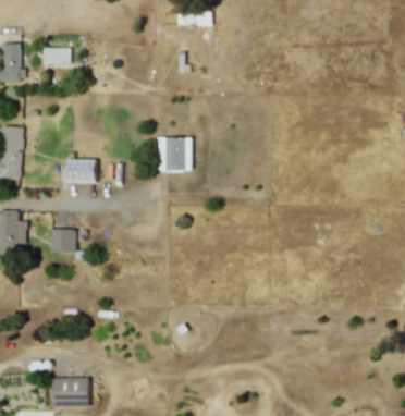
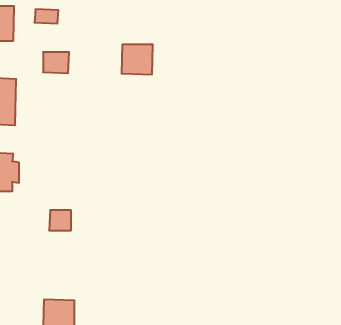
building: [156,137,192,171] -> [121,45,153,74]
building: [66,159,96,183] -> [43,52,69,73]
building: [50,229,75,252] -> [49,210,71,230]

